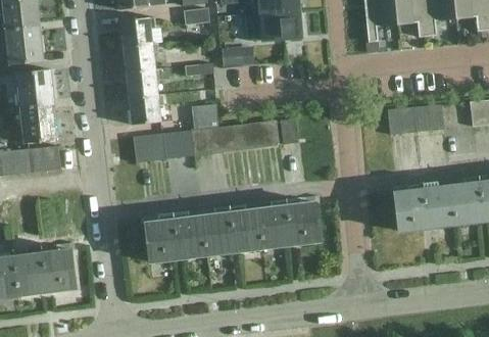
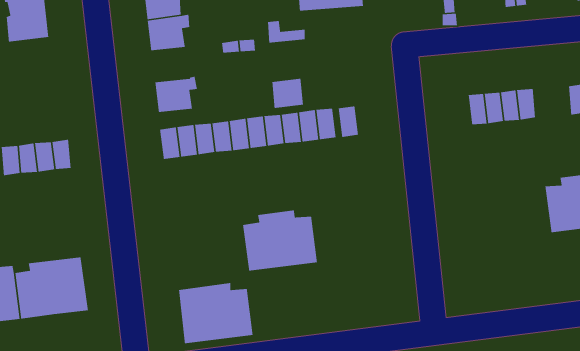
building: [126,67,168,99] -> none
building: [15,69,57,144] -> none
building: [191,104,217,130] -> [271,78,304,109]
building: [392,181,455,231] -> none
building: [258,196,320,248] -> none
building: [144,211,206,262] -> [178,282,254,344]

